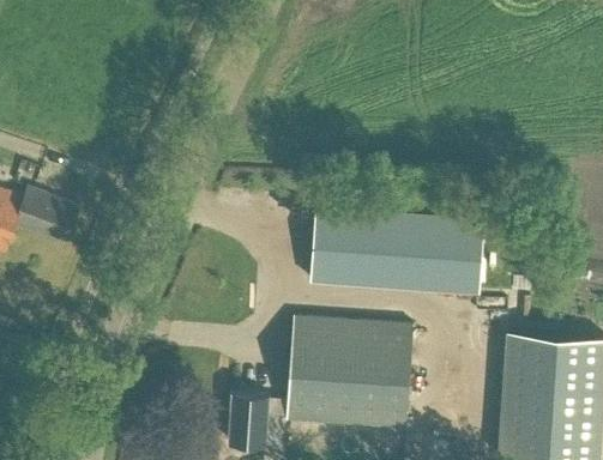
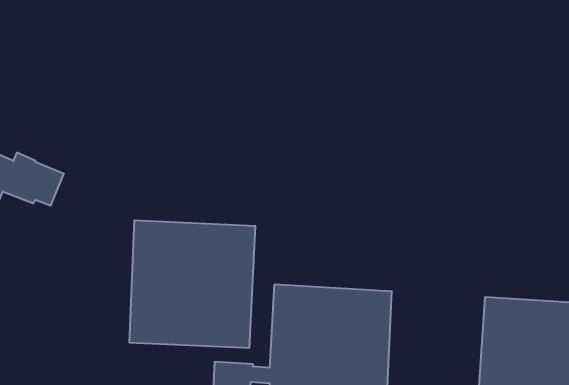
building: [309,204,484,293] -> none
building: none -> [129,220,255,348]

